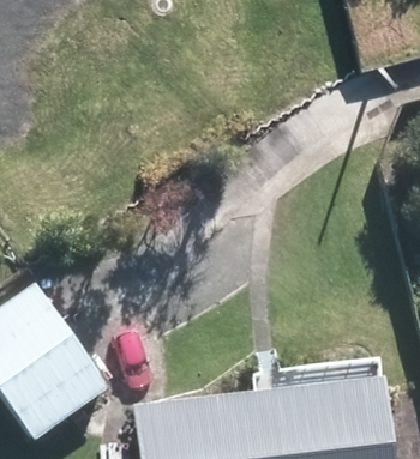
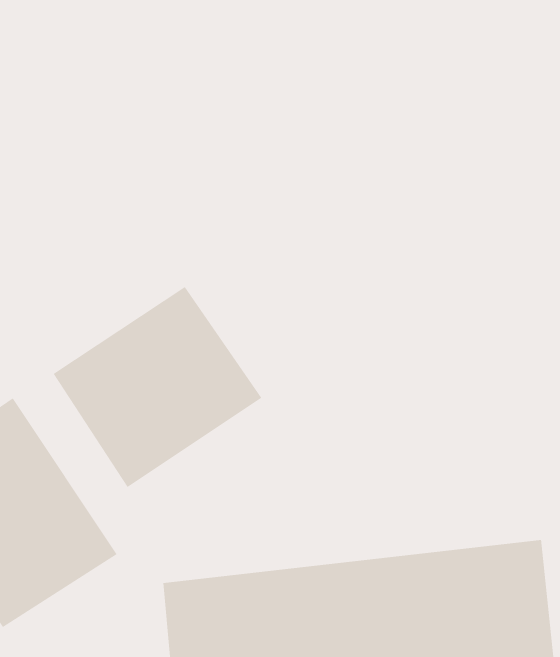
building: none -> [53,286,262,488]

